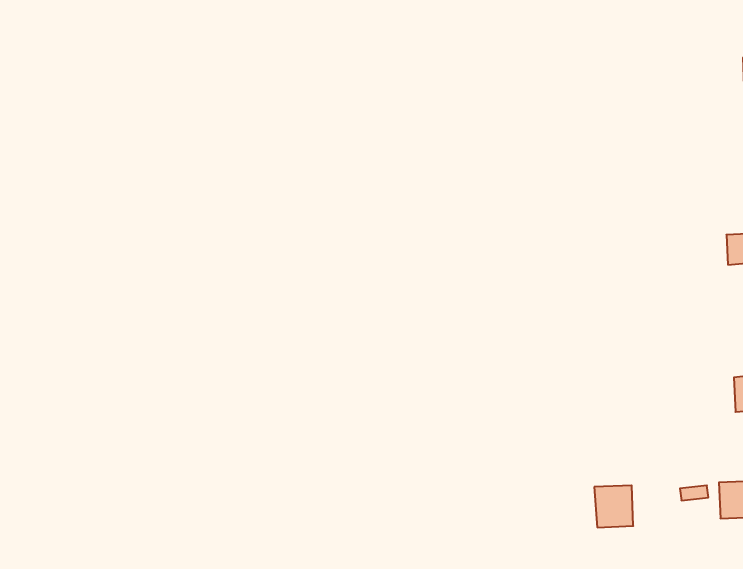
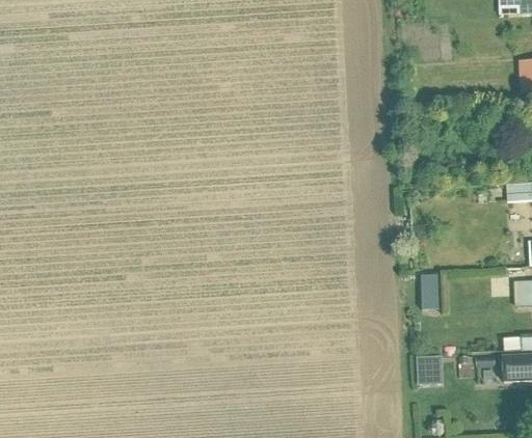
building: none -> [422,273,440,308]

